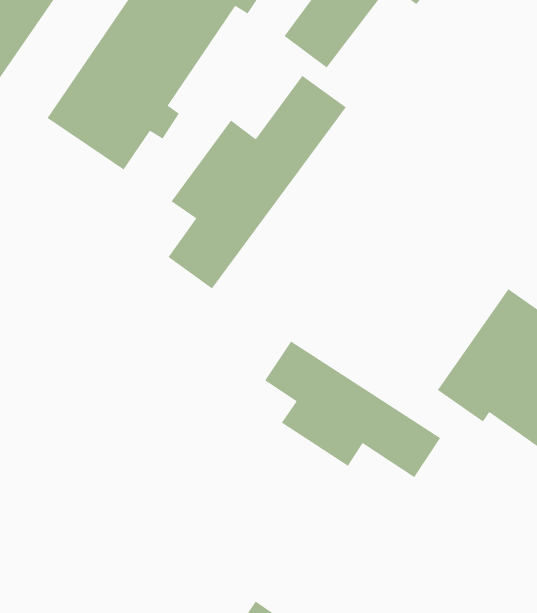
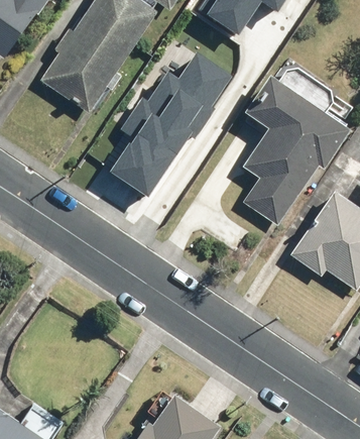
building: none -> [239,63,352,227]
building: [264,340,441,478] -> none

